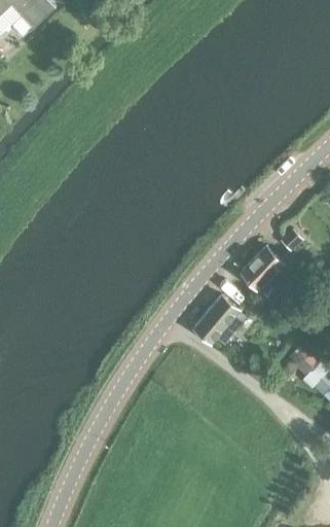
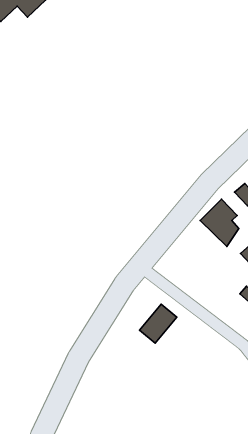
building: [194,295,239,342] -> [140,304,177,343]

